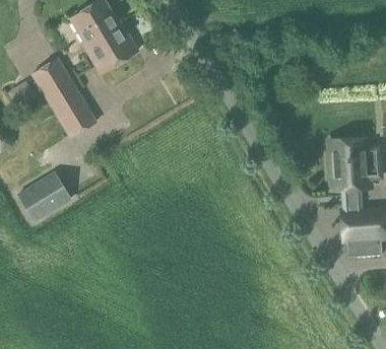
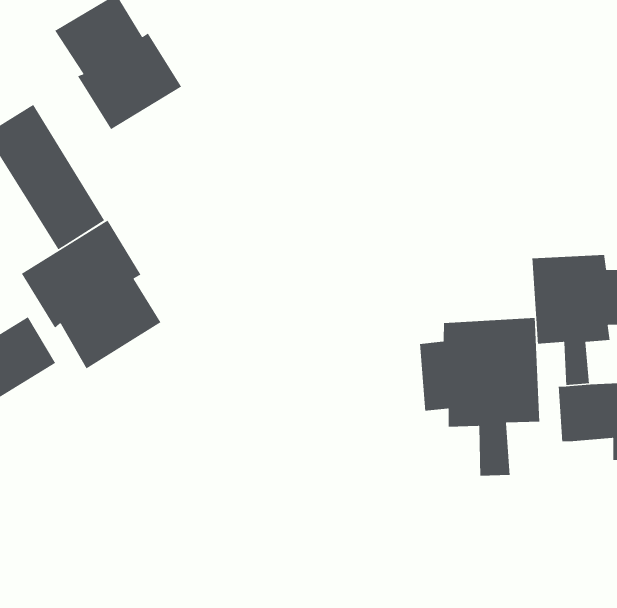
building: none -> [21,219,162,369]
building: none -> [419,317,540,477]

